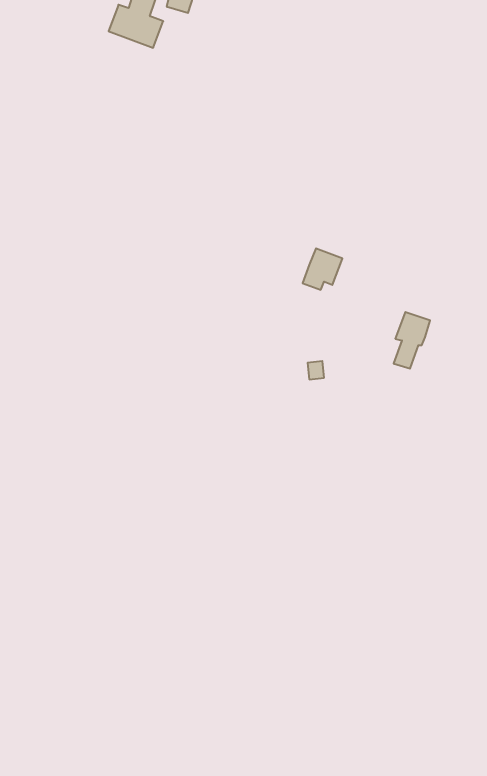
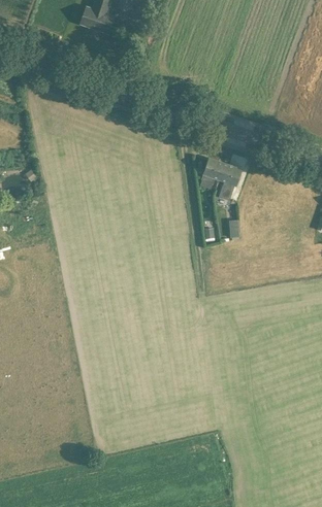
building: [394,312,430,369] -> [217,165,239,200]

